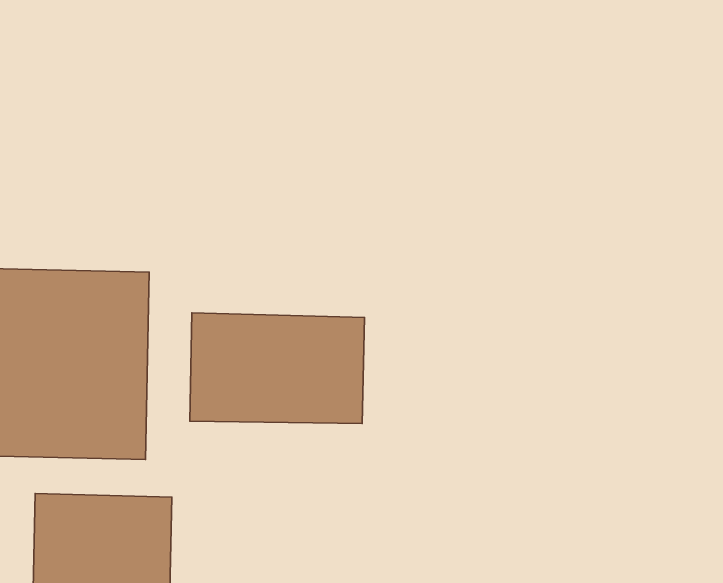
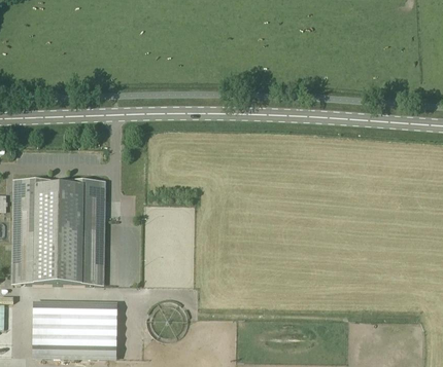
building: [190,313,364,423] -> none

